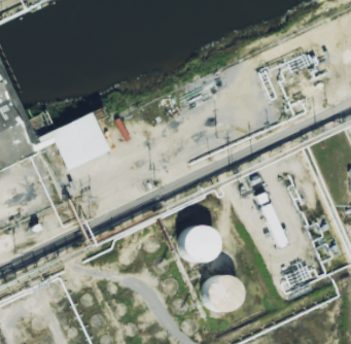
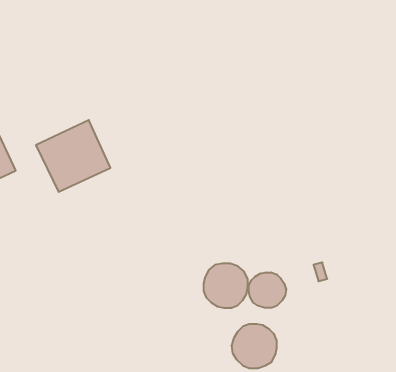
building: none -> [249,272,286,308]

